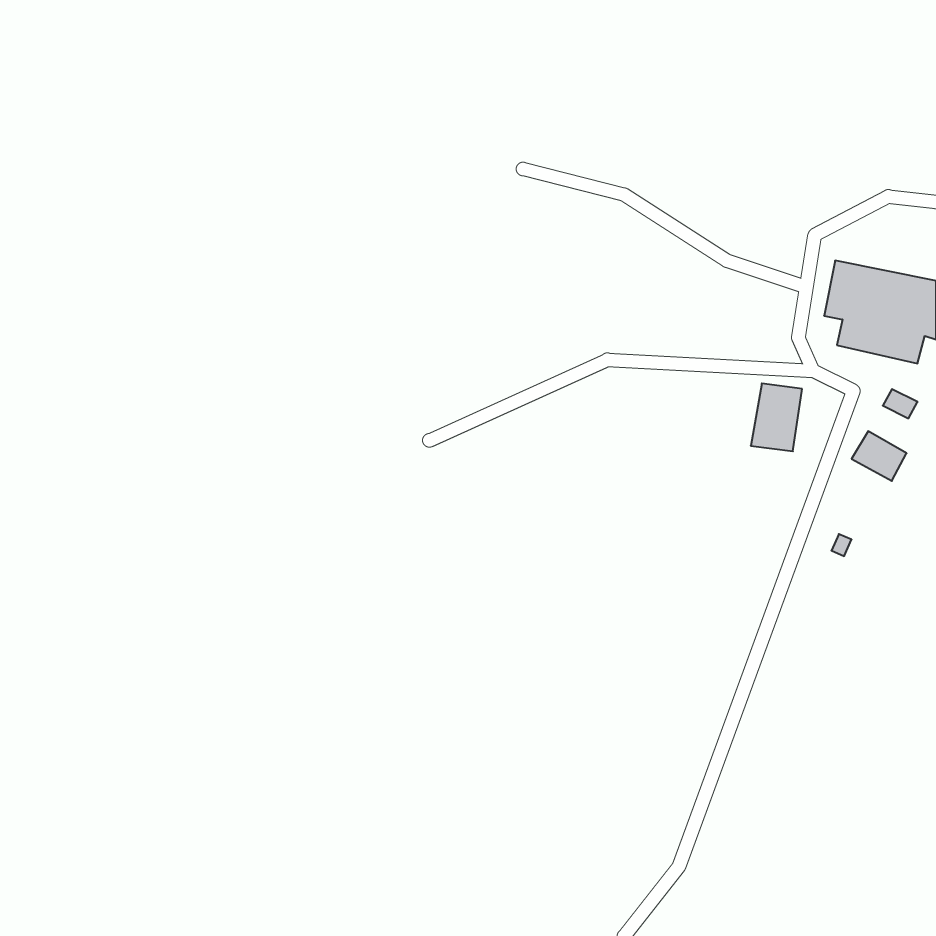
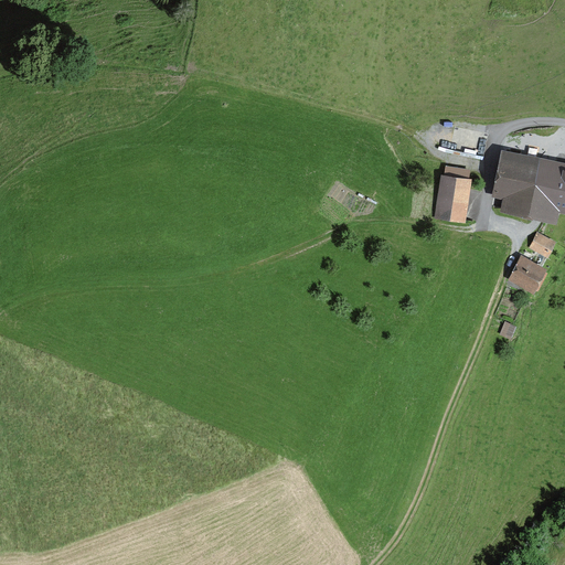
building: [751,383,802,451] -> [436,177,467,217]

